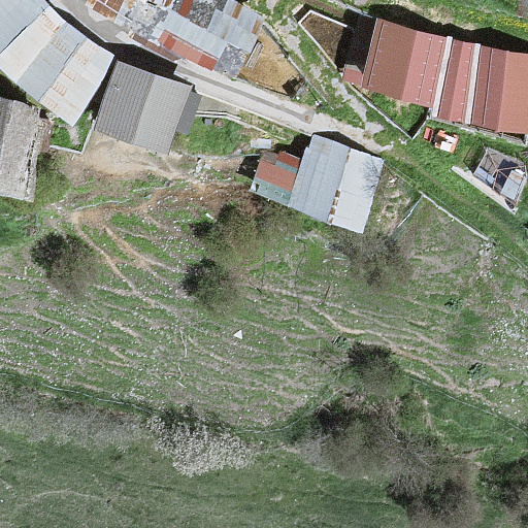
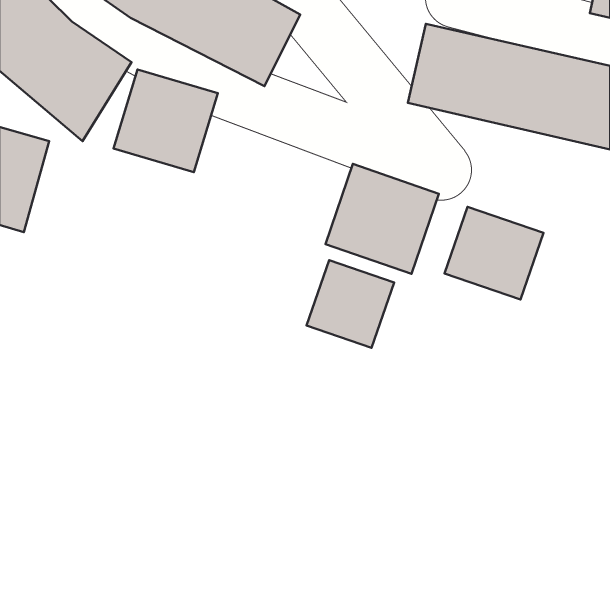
building: none -> [445,207,544,299]
building: none -> [307,260,394,348]

